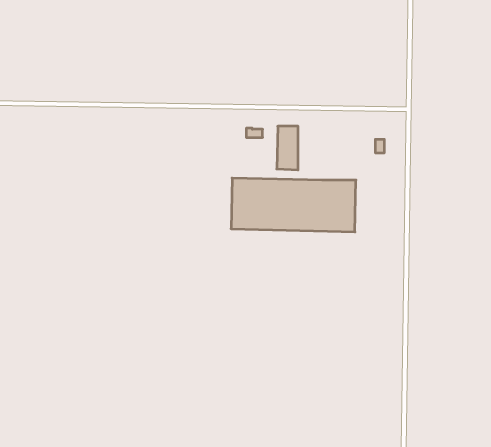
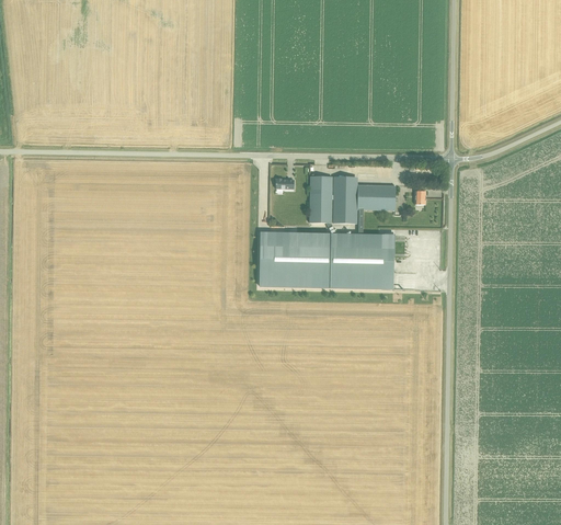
building: none -> [333,175,396,233]

